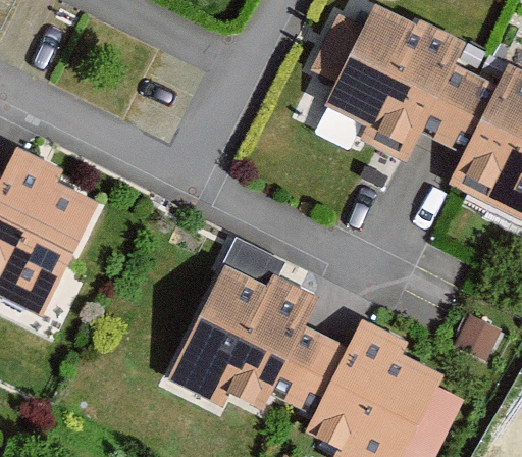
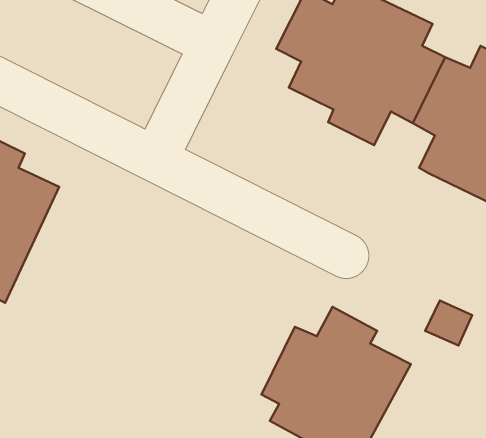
building: [167,263,327,411] -> none

